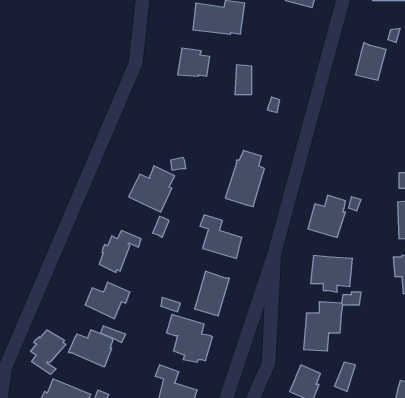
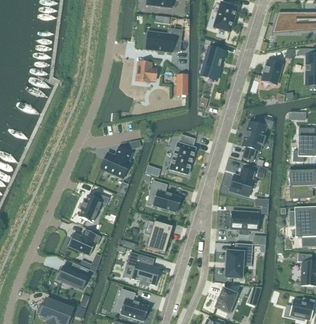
building: none -> [202,45,225,77]
building: none -> [242,121,266,160]
building: [31,330,66,374] -> none

